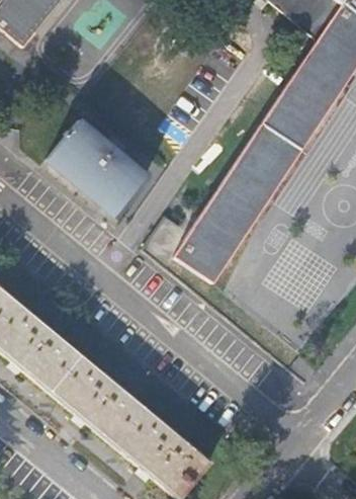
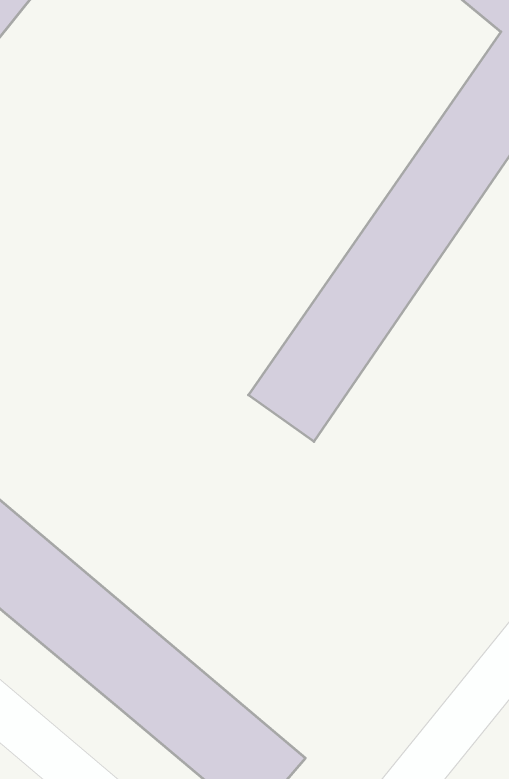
building: [48,115,148,212] -> none

